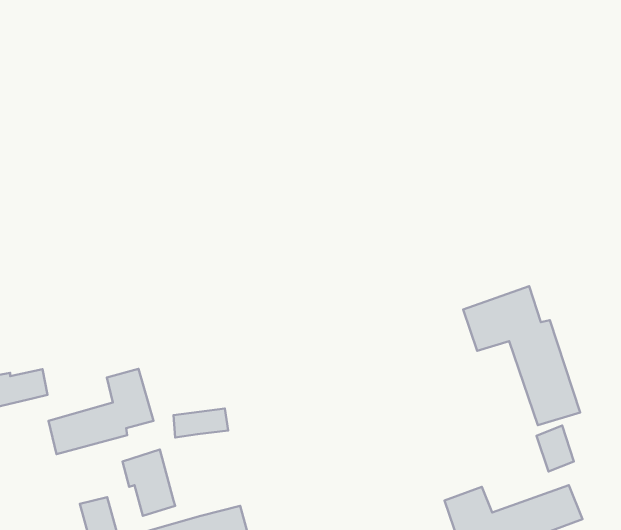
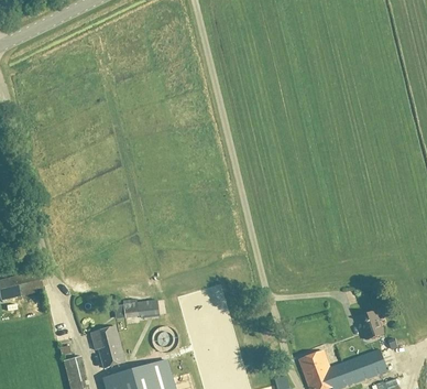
building: [463,286,580,425] -> none
building: [48,369,153,454] -> none

